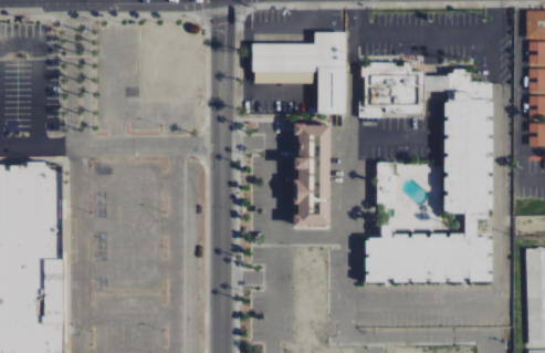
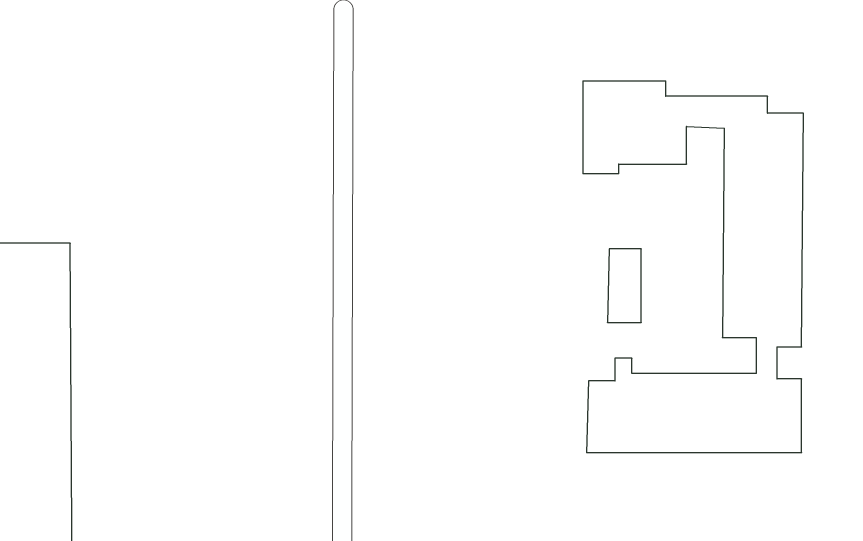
building: [252,32,345,114] -> none
building: [291,124,327,226] -> none

